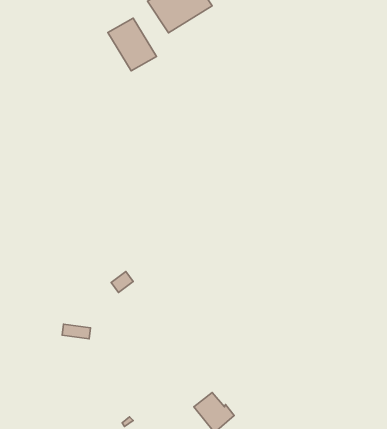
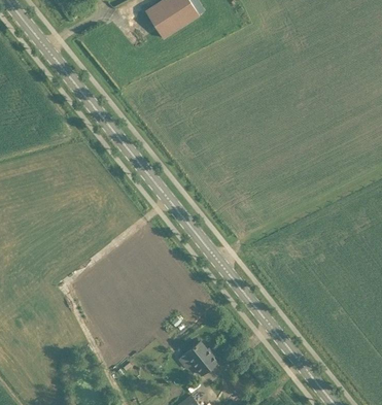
building: [108,18,157,71] -> none

